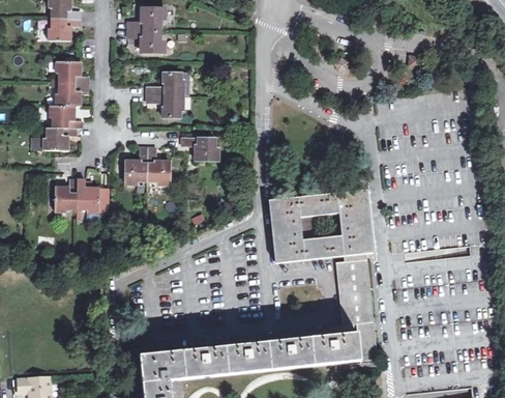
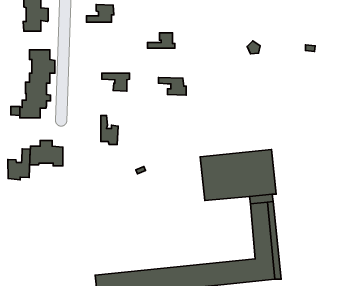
building: [128,29,162,51] -> none
building: [148,75,183,94] -> [147,33,175,48]
building: [183,138,218,161] -> [159,77,186,95]
building: [125,148,147,186] -> none
building: none -> [8,149,30,180]

